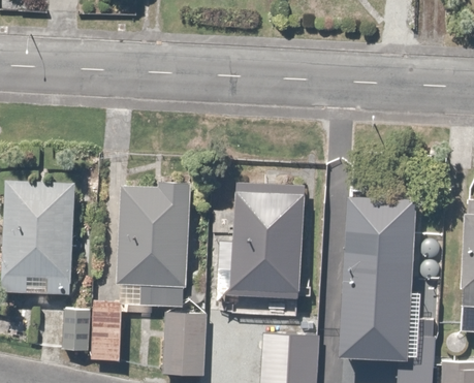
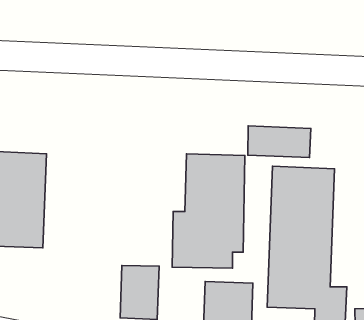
building: none -> [248,126,311,157]
building: [122,183,189,302] -> none
building: [54,299,123,362] -> none

